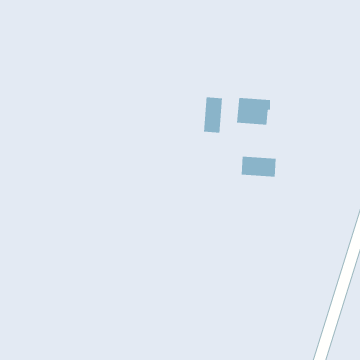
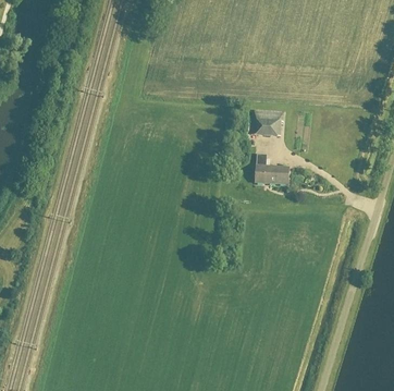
building: [203,97,223,134] -> none

